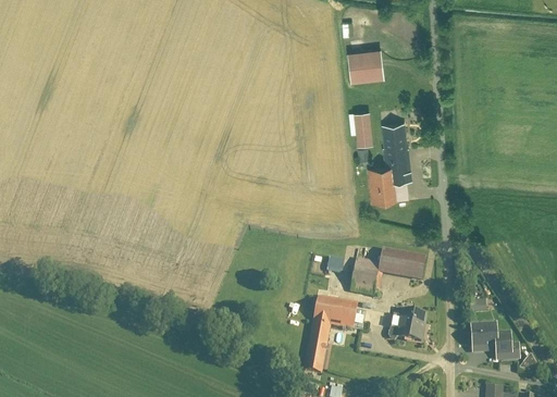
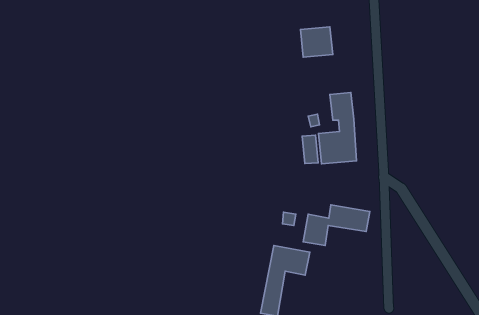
building: [352,108,371,140] -> [302,135,318,164]
building: [389,307,428,342] -> none
building: [470,320,520,359] -> none

